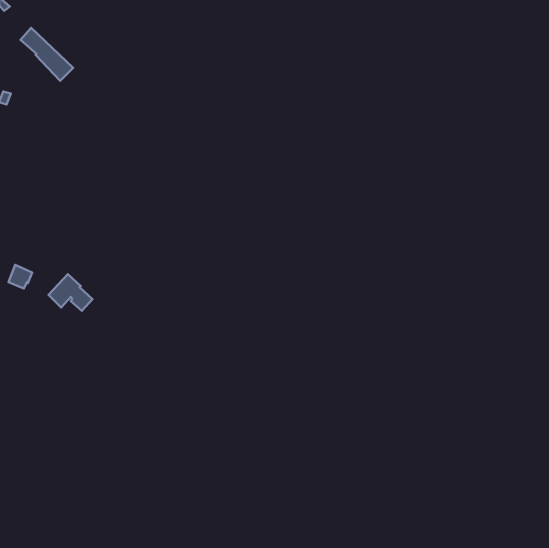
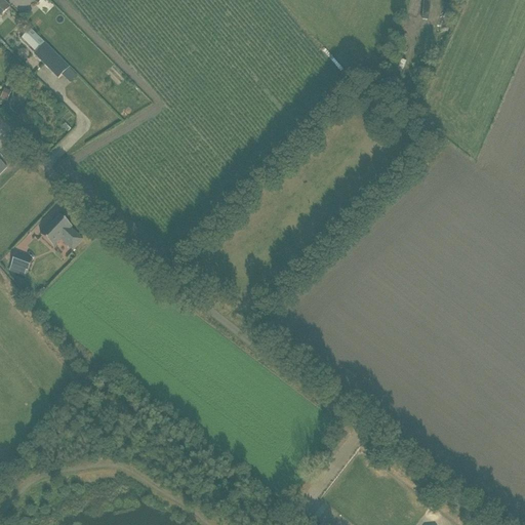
building: [48,274,93,311] -> [40,214,82,249]

